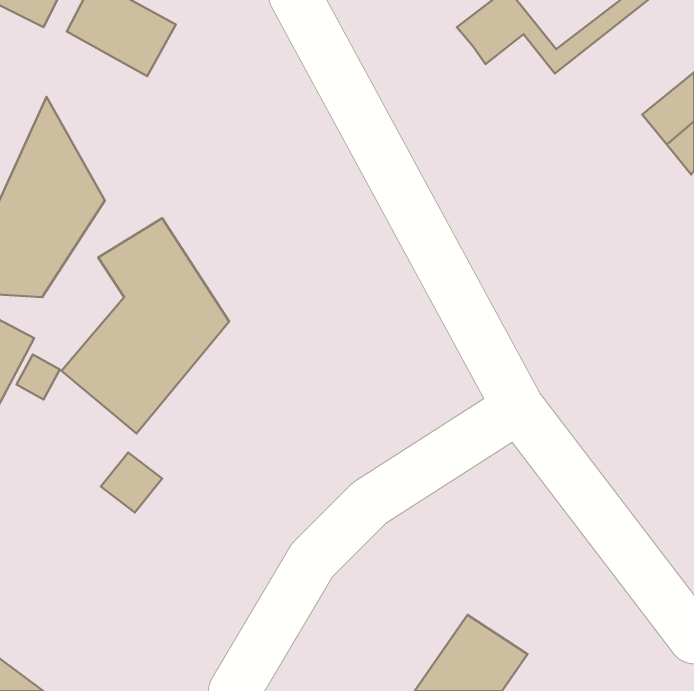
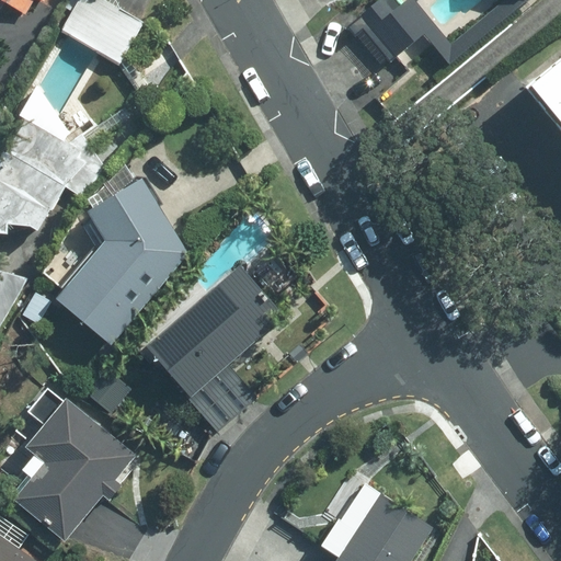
building: none -> [137,265,287,405]
building: none -> [13,392,145,543]

